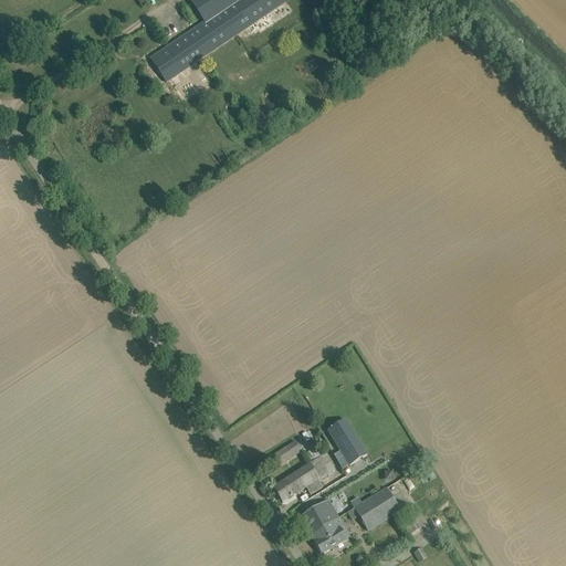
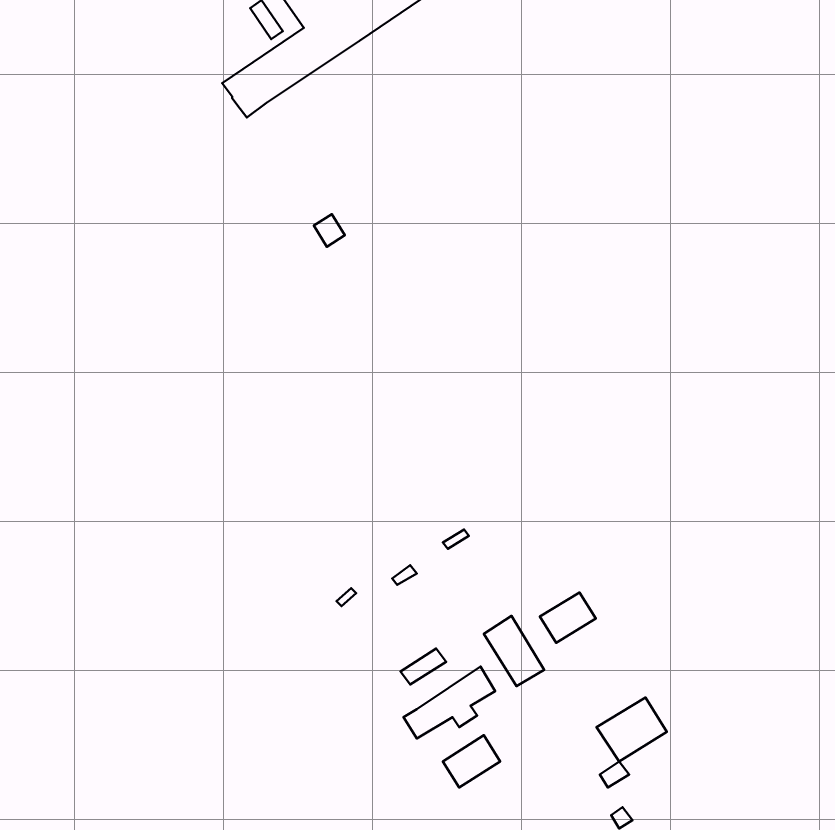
building: none -> [540,592,596,643]
building: [353,485,400,528] -> [596,698,667,761]
building: [311,515,347,552] -> none

